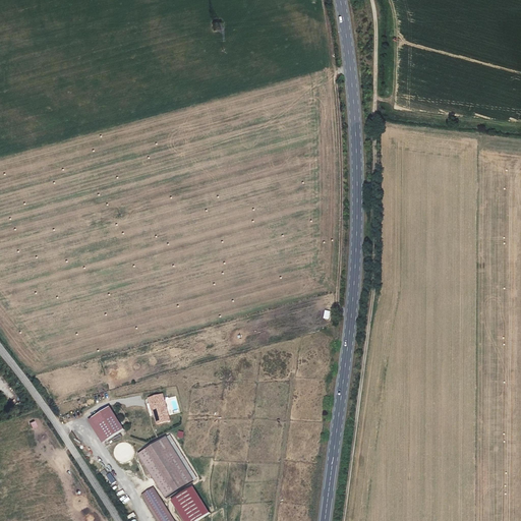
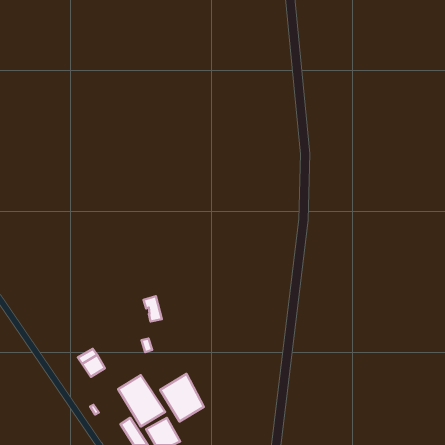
building: [147,393,168,422] -> [143,296,162,322]
building: none -> [160,374,204,421]

